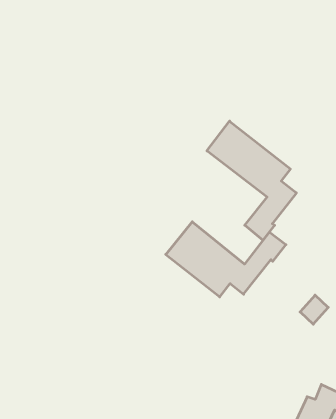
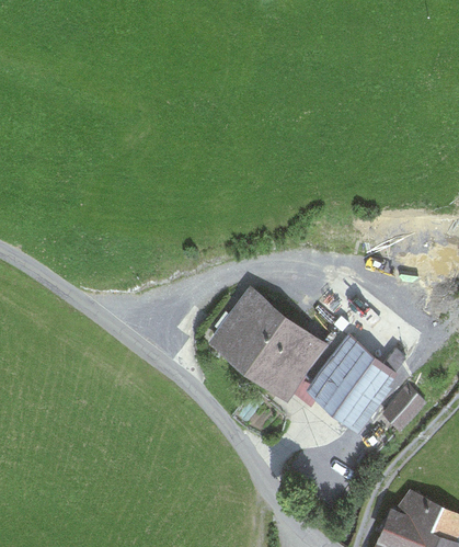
building: [207,121,296,240] -> none
building: none -> [311,344,389,422]

